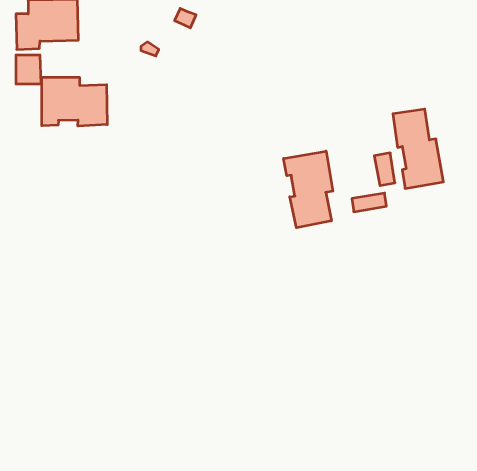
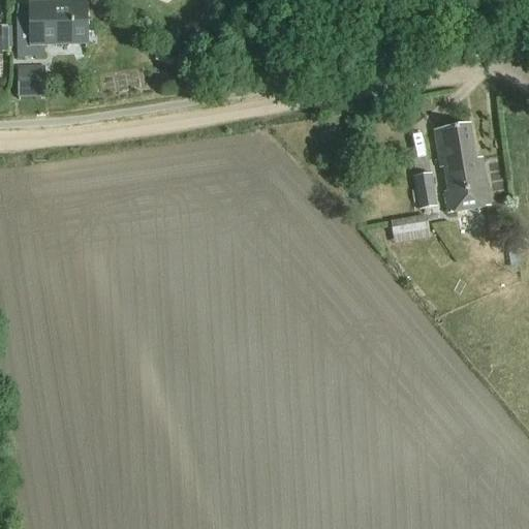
building: [42,77,107,126] -> none
building: [284,151,333,228] -> none

